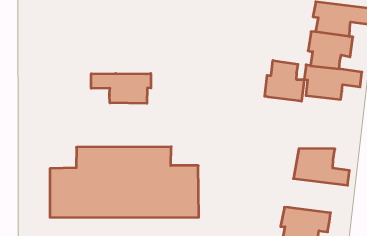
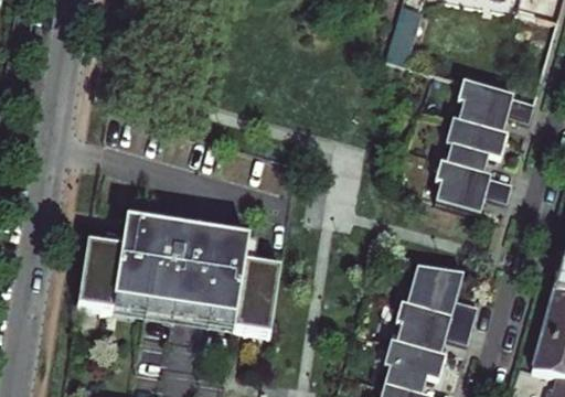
building: [265,60,304,101] -> none
building: [91,73,151,103] -> none
building: none -> [391,303,471,356]

